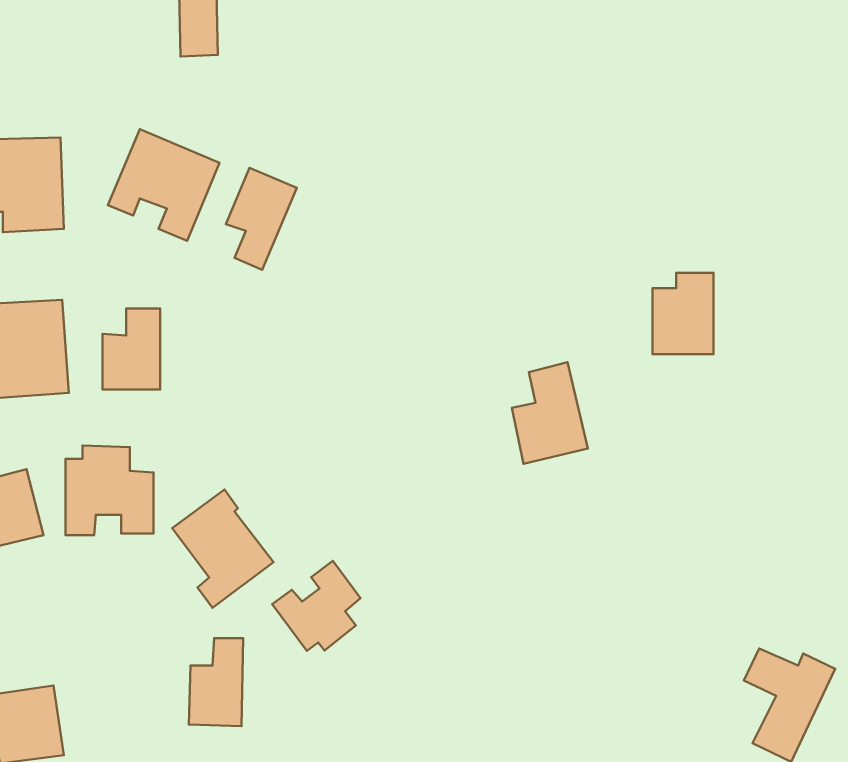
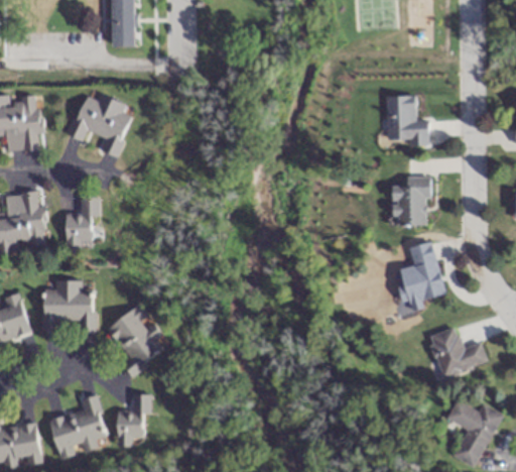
building: none -> [387,95,427,141]
building: [226,168,297,270] -> none
building: [512,362,588,464] -> [399,241,444,302]
building: none -> [428,327,488,376]
building: [272,561,361,651] -> none
building: none -> [51,395,107,459]

